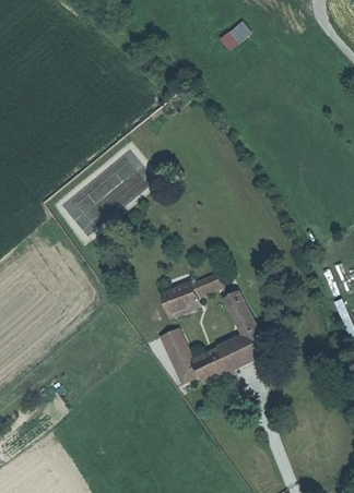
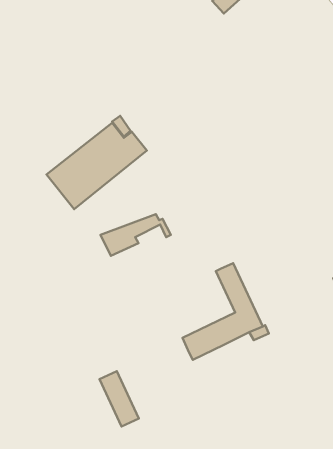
building: [160,275,226,314] -> [100,214,171,256]
building: [160,329,197,382] -> [100,371,139,426]

